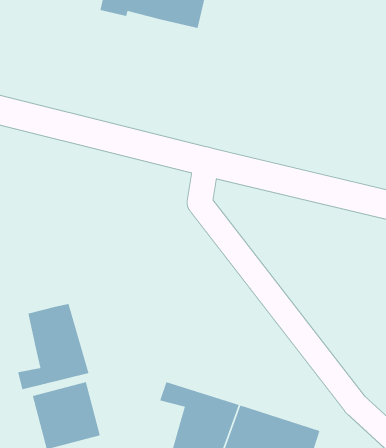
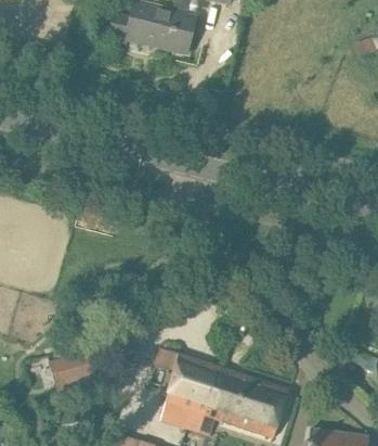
building: [17,303,89,390] -> none

